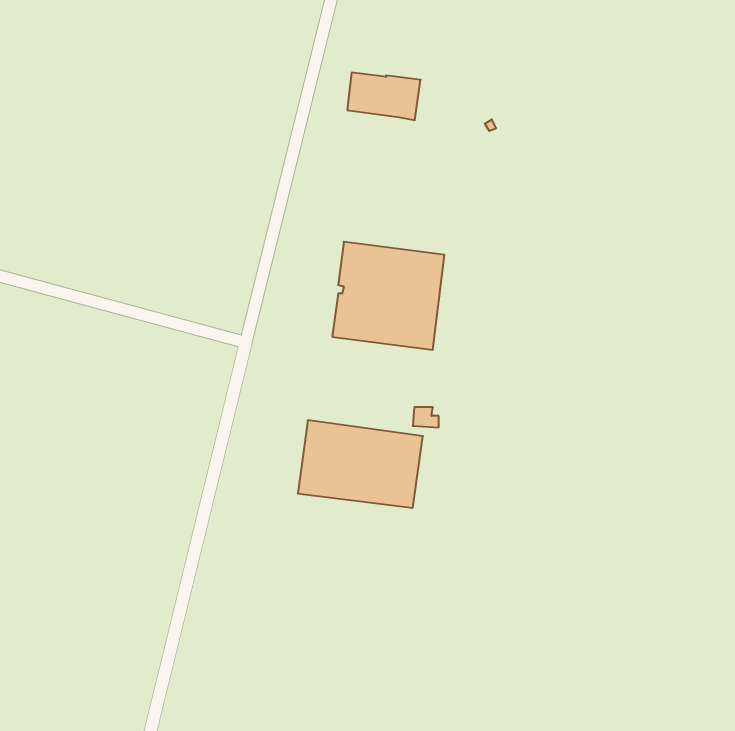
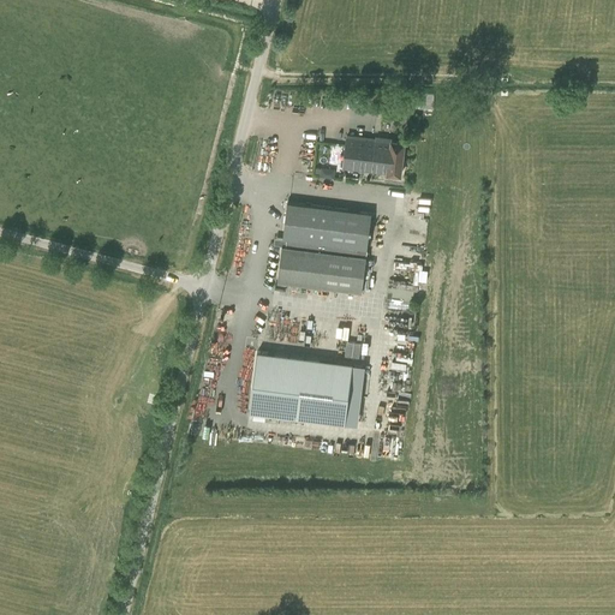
building: [347,73,421,120] -> [344,139,405,179]

